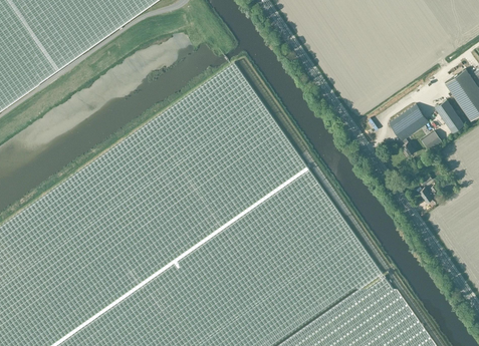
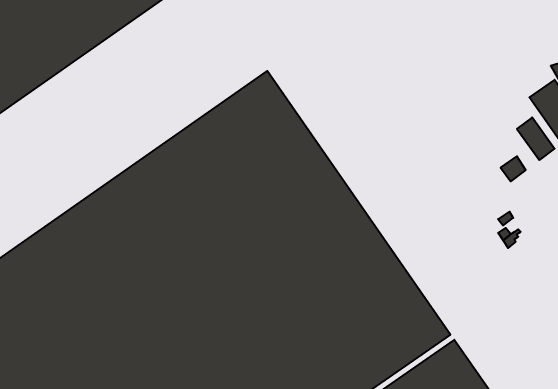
building: [388,104,428,155] -> none

